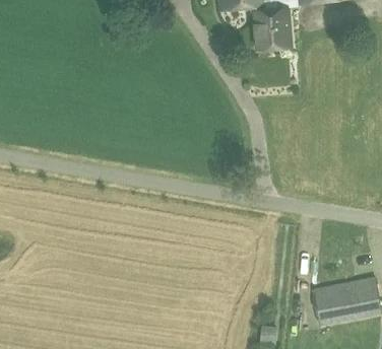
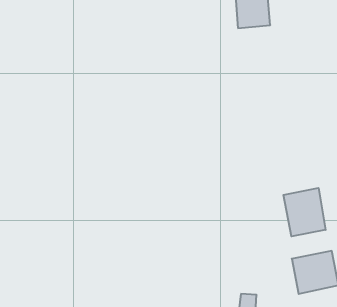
building: none -> [283,188,326,236]

